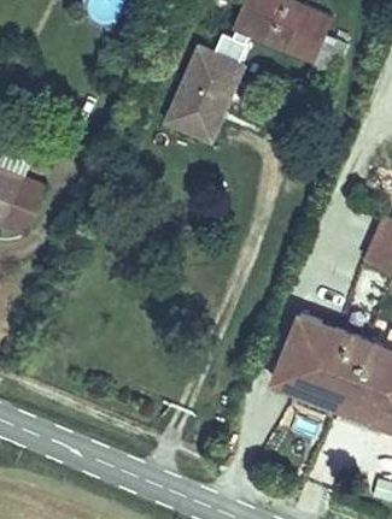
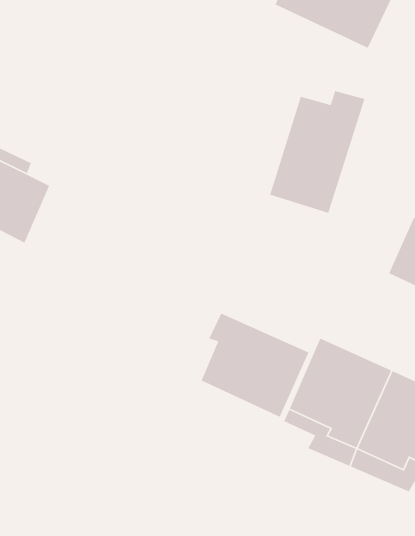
building: [183,34,265,138] -> [269,90,366,214]
building: none -> [200,312,310,418]

